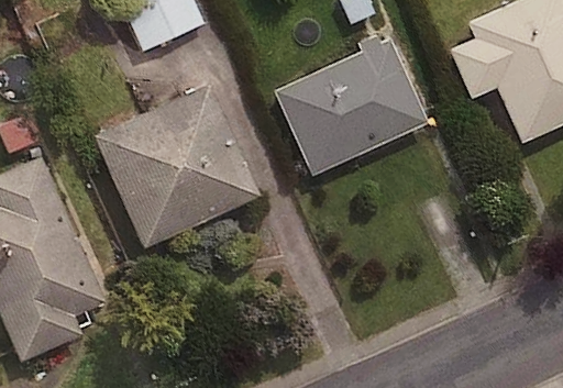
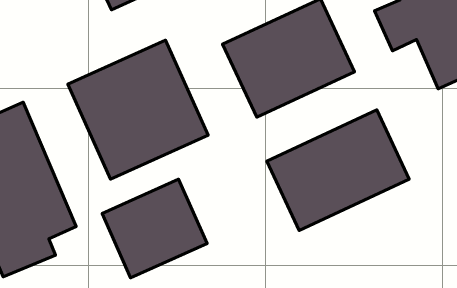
building: none -> [267,110,409,230]
building: none -> [102,179,207,278]

